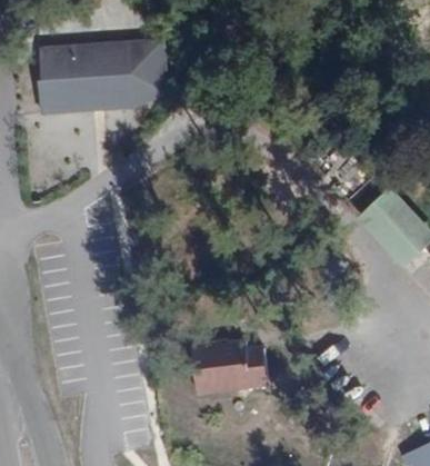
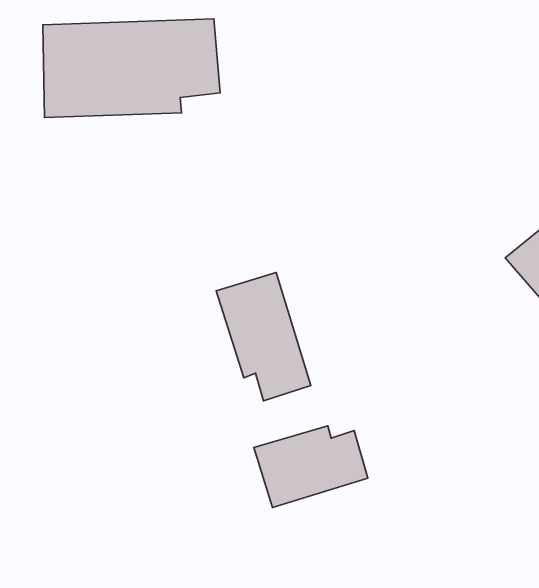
building: none -> [216,273,311,401]

